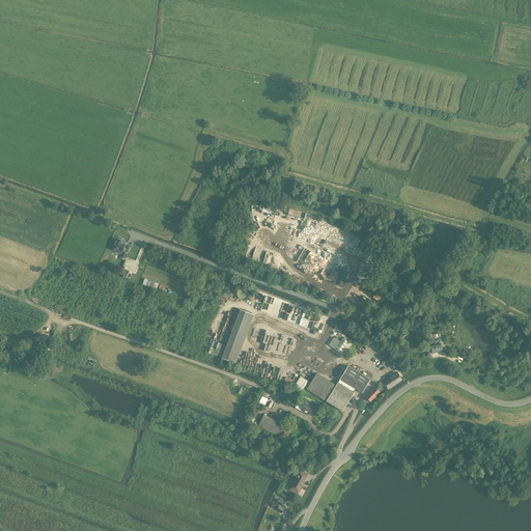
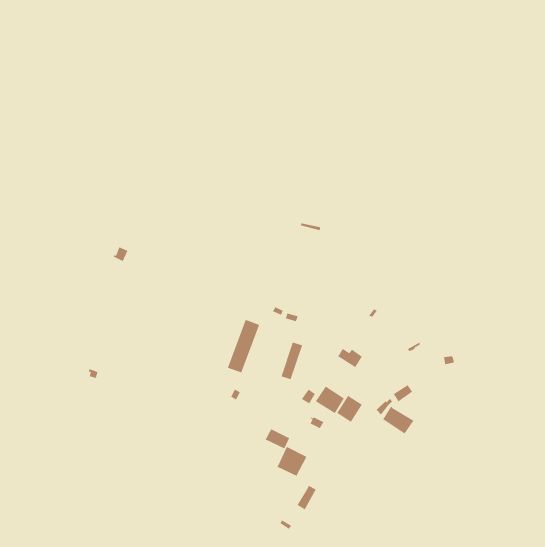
building: [338,365,369,393] -> [382,405,414,434]
building: none -> [276,446,307,477]

